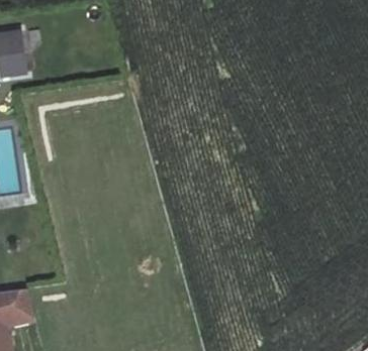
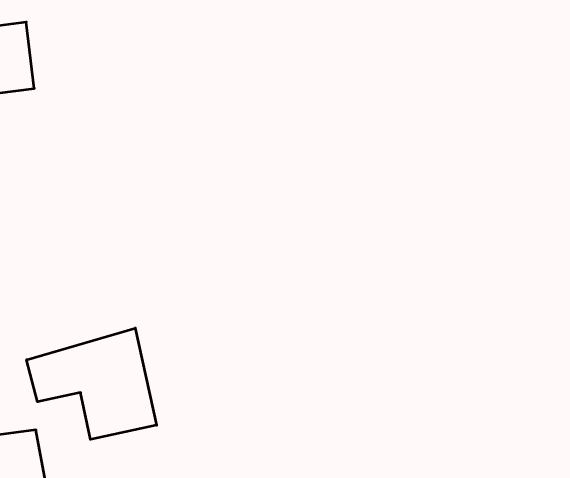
building: none -> [27,328,157,439]

